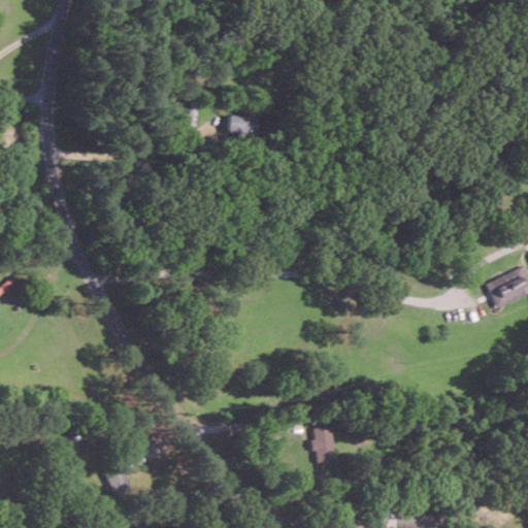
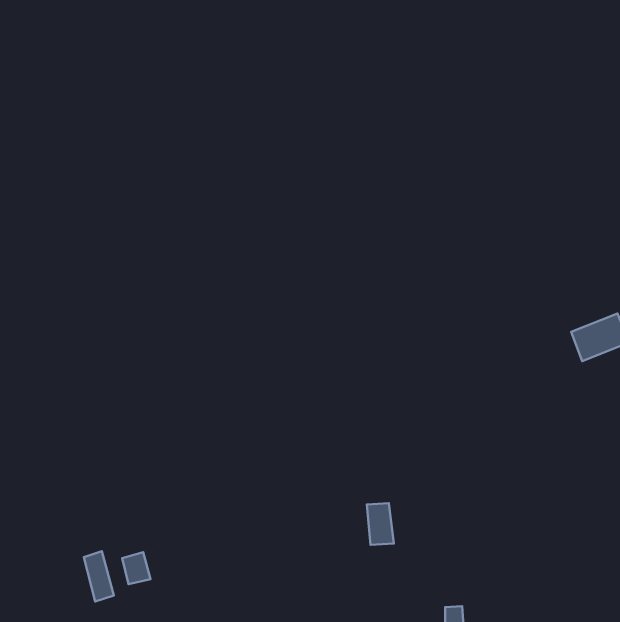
building: [228,117,256,134] -> none
building: none -> [84,551,114,602]

